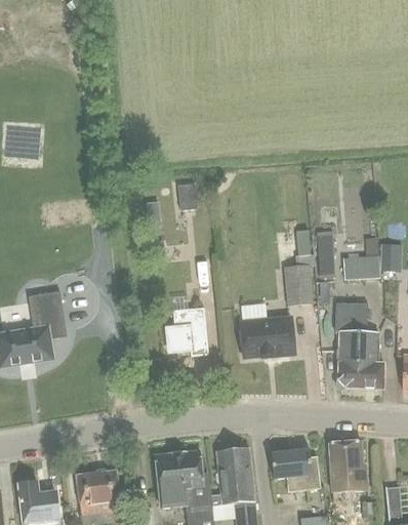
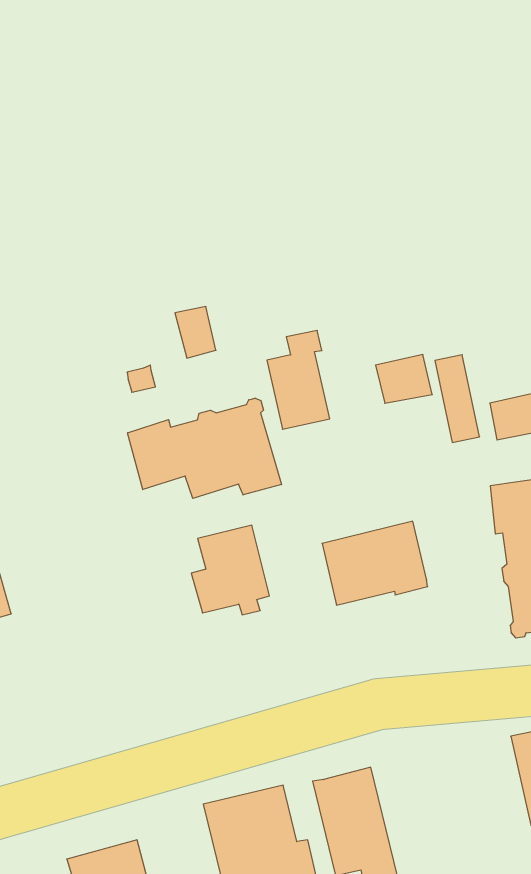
building: none -> [128,398,281,498]
building: [282,254,313,306] -> [267,330,330,429]
building: [271,448,320,491] -> none

